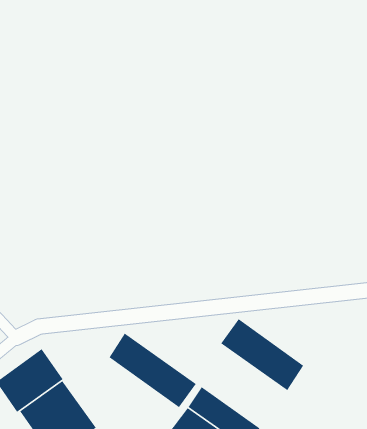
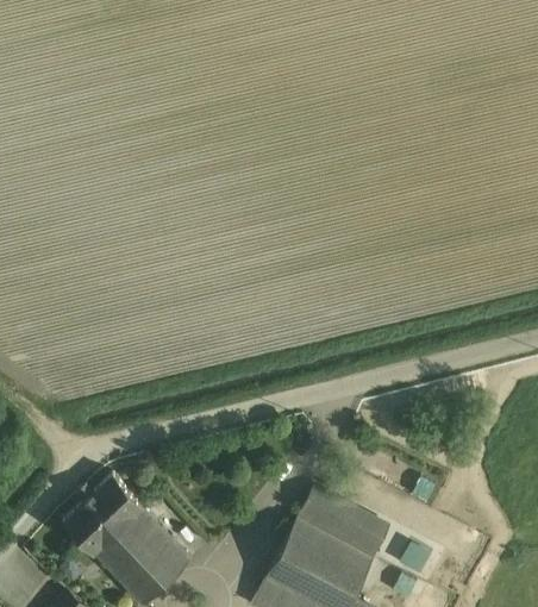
building: [220,318,304,391] -> none
building: [108,333,197,408] -> none

